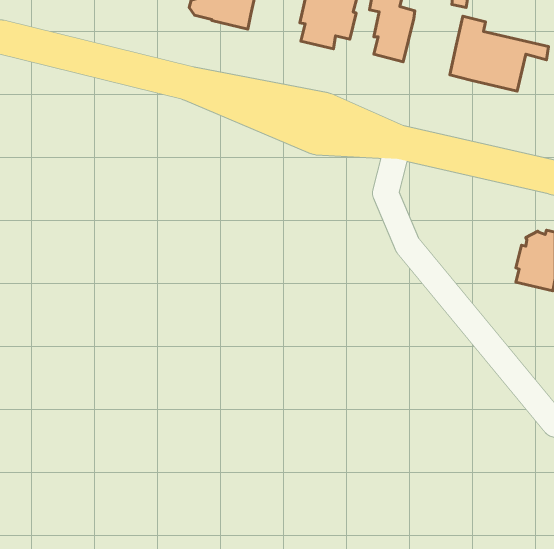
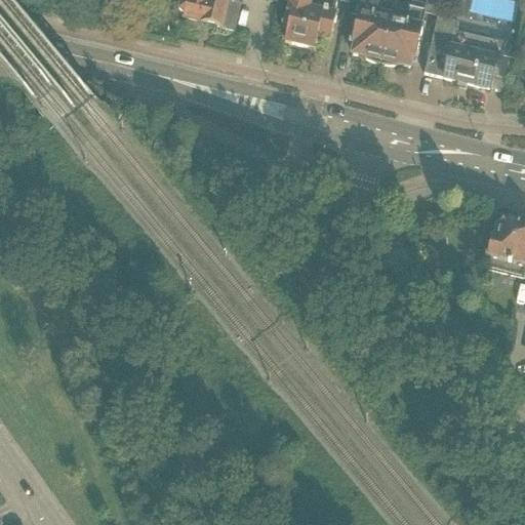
building: none -> [381,5,427,65]

